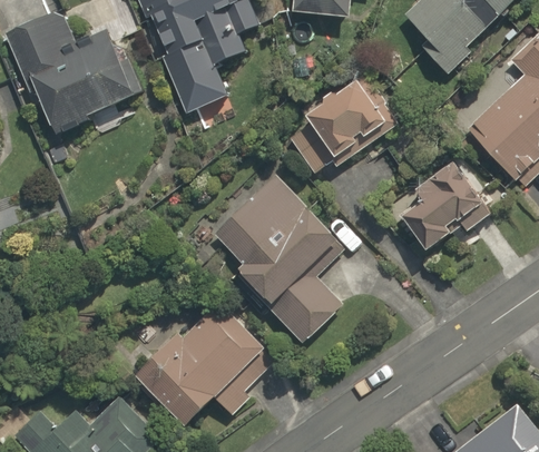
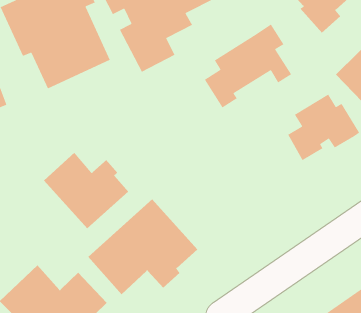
building: [209,173,344,344] -> none
building: none -> [43,152,129,229]

